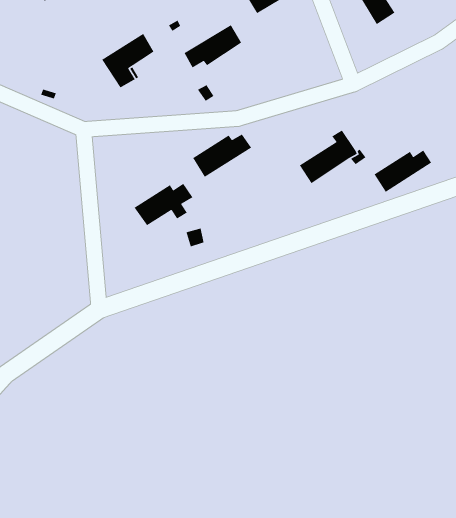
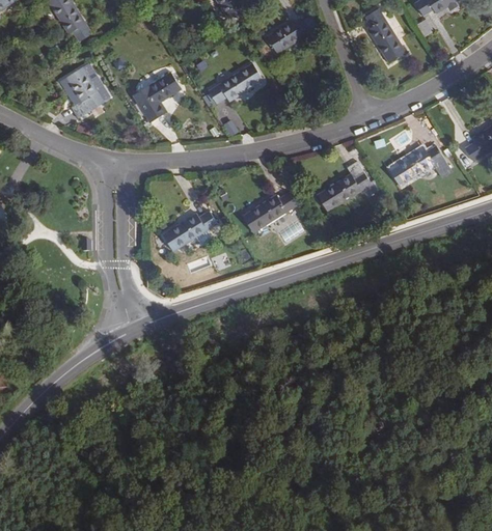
building: none -> [63,66,104,118]
building: [192,133,252,178] -> [241,192,297,233]
building: [373,150,432,193] -> [388,145,443,186]

